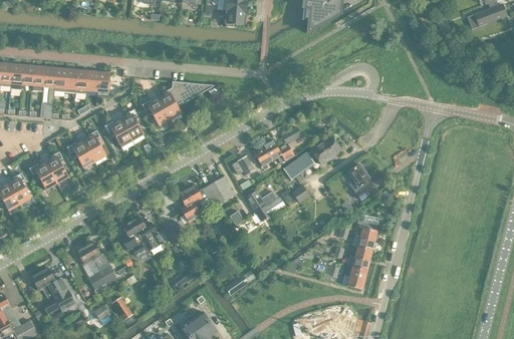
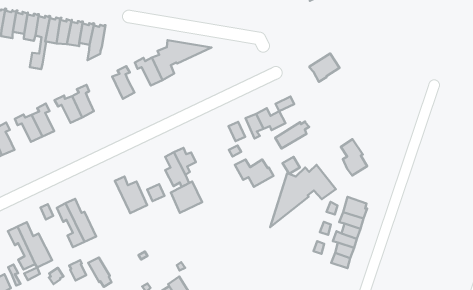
building: [103,119,133,146] -> none
building: [311,135,340,163] -> [310,54,340,82]
building: [203,176,234,207] -> [171,182,202,213]
building: none -> [270,165,336,227]
building: [120,221,147,255] -> none

